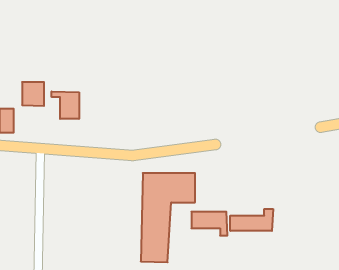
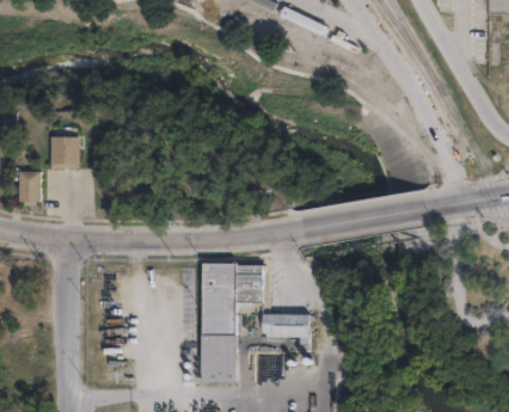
building: [52,91,79,119] -> none
building: [230,209,273,231] -> none

